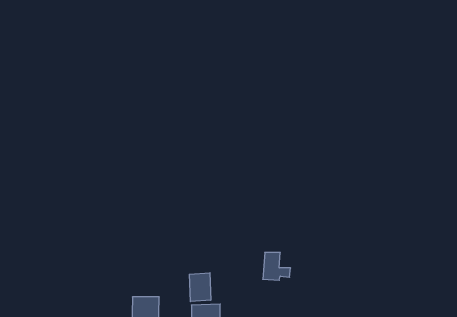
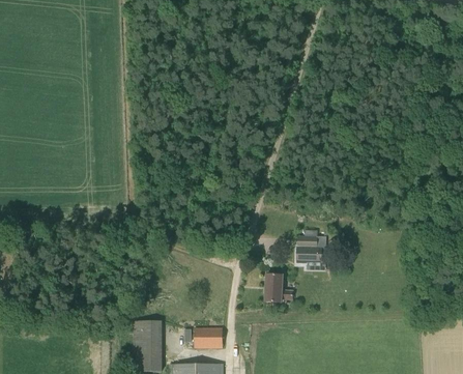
building: none -> [295,235,321,262]
building: [189,273,211,302] -> none

